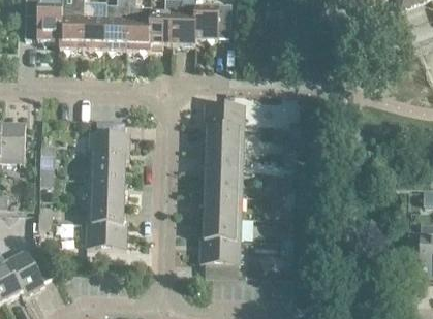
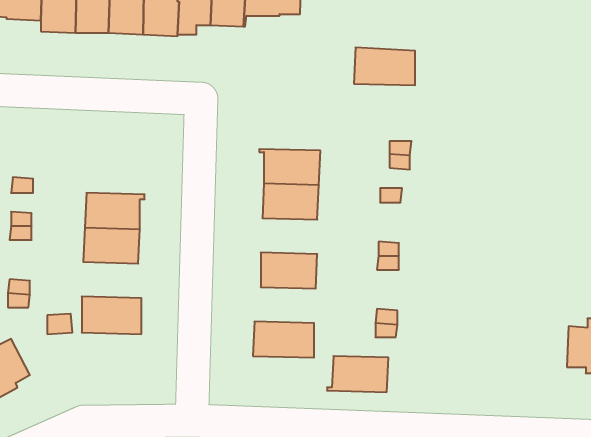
building: [204,102,244,127] -> [354,48,415,85]
building: [90,131,129,156] -> none
building: [205,171,242,195] -> none
building: [87,200,126,224] -> none
building: [200,217,241,241] -> [327,356,388,392]

